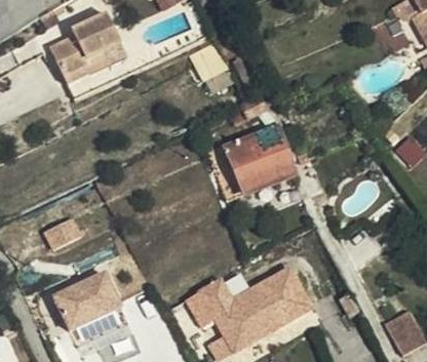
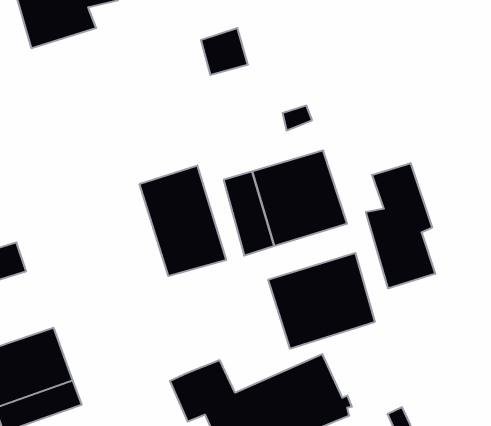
building: none -> [366,163,435,288]
building: none -> [140,165,226,276]
building: none -> [268,253,375,349]

